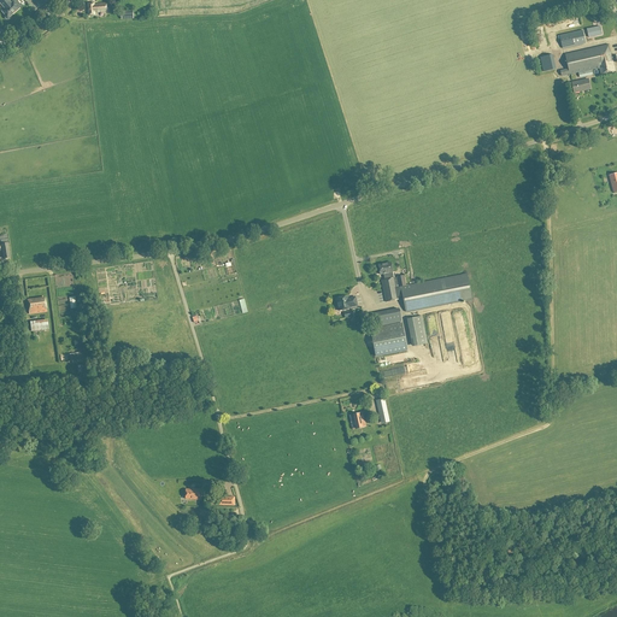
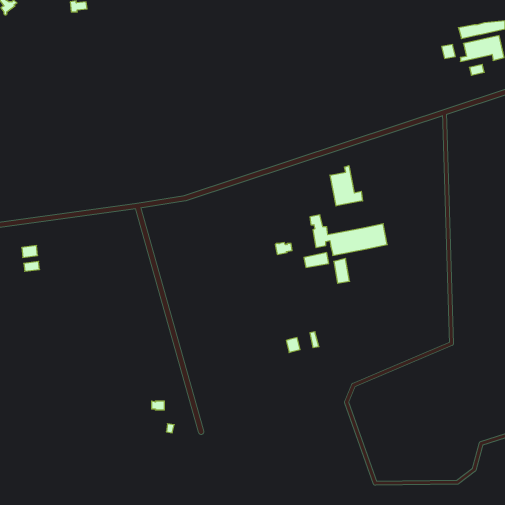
building: none -> [330,166,363,206]
building: [369,323,406,355] -> none

